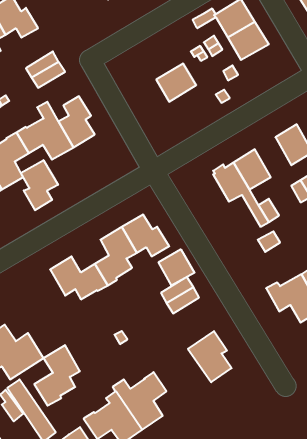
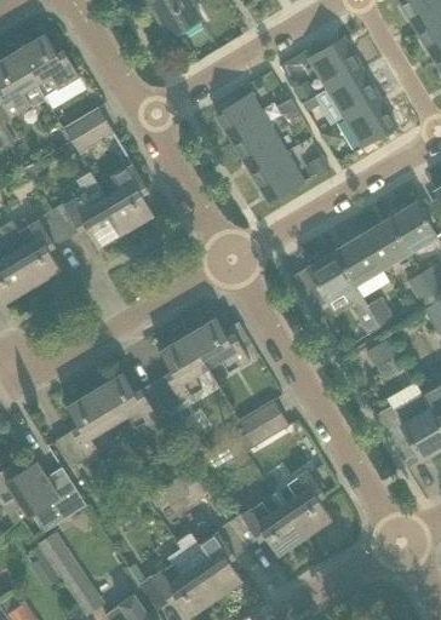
building: none -> [216,93,268,143]
building: none -> [343,97,396,148]
building: none -> [250,150,304,203]
building: none -> [361,218,408,270]
building: [21,160,58,210] -> none
building: [159,249,195,285] -> none
building: [34,345,80,406] -> [55,390,114,469]
building: none -> [229,493,304,556]

